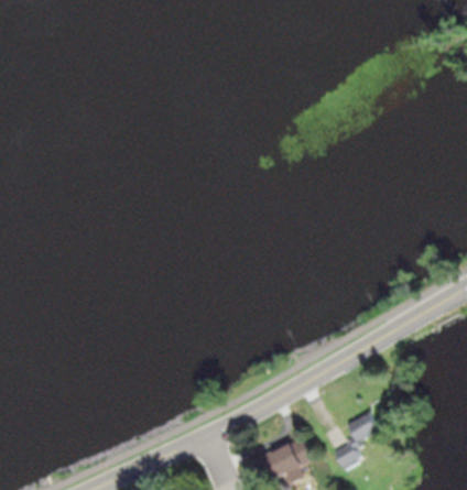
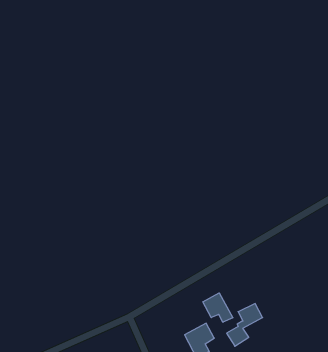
building: none -> [203,293,233,322]

